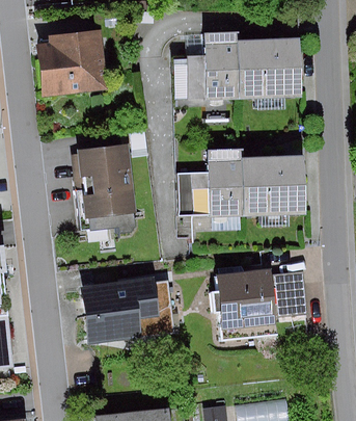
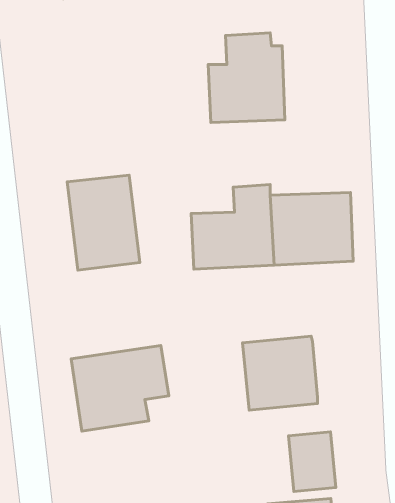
building: [37,27,109,95] -> none
building: [248,37,300,99] -> none
building: [272,270,309,317] -> [288,432,336,491]

